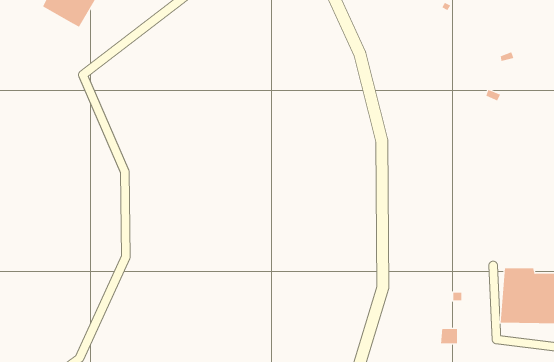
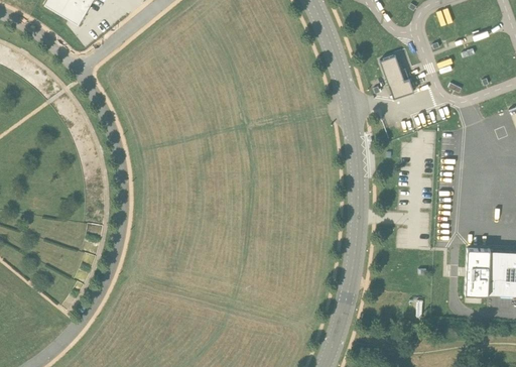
building: none -> [381,55,415,99]

